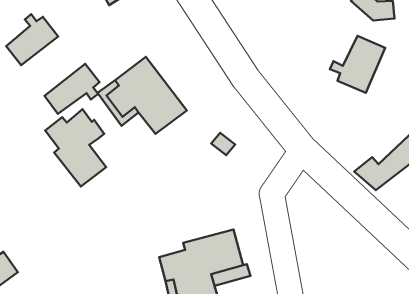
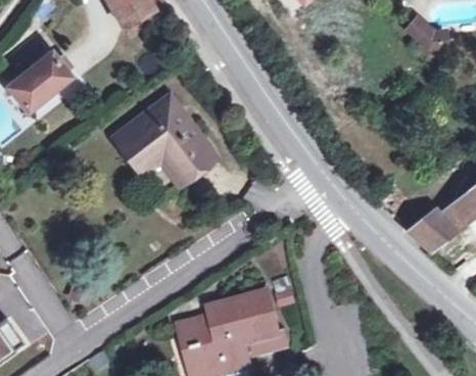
building: [330,36,385,93] -> none
building: [44,64,100,114] -> none
building: [45,109,106,187] -> none

